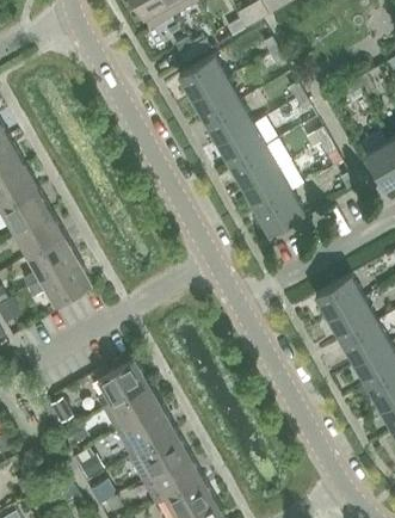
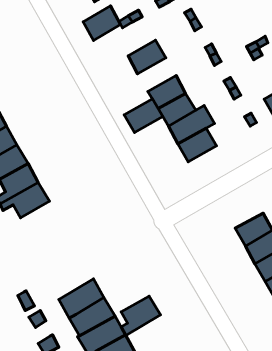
building: [179,55,227,99] -> [83,6,121,40]
building: [204,101,253,144] -> [124,99,163,133]
building: [315,276,364,319] -> none
building: [98,359,148,409] -> [121,296,160,335]

